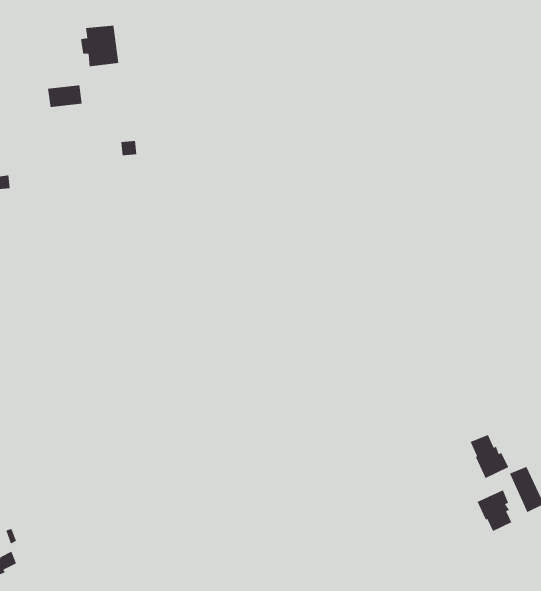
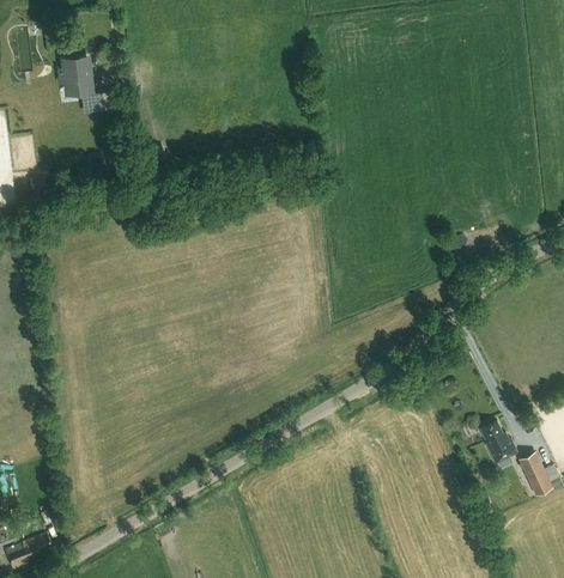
building: [80,25,119,67] -> [55,55,92,95]
building: [477,490,513,532] -> none

